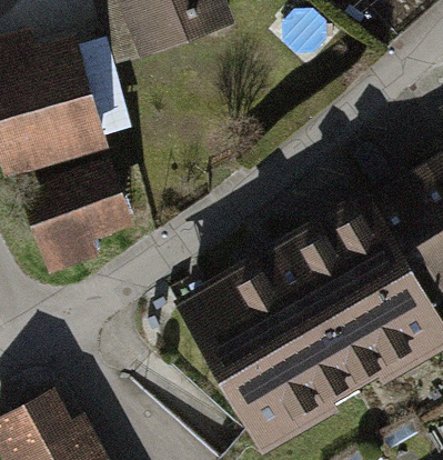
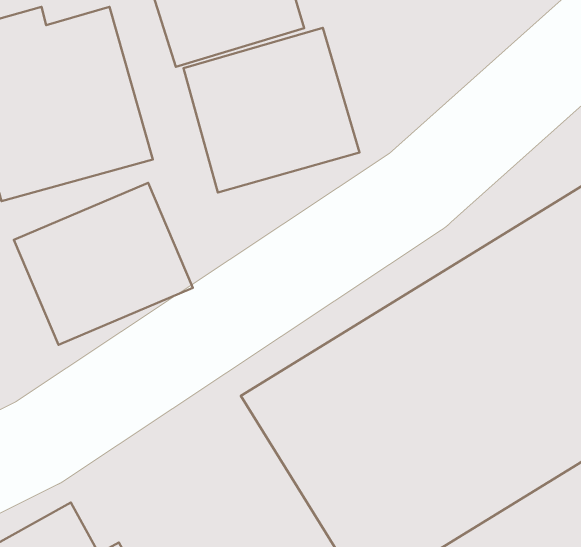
building: none -> [183,28,359,192]

